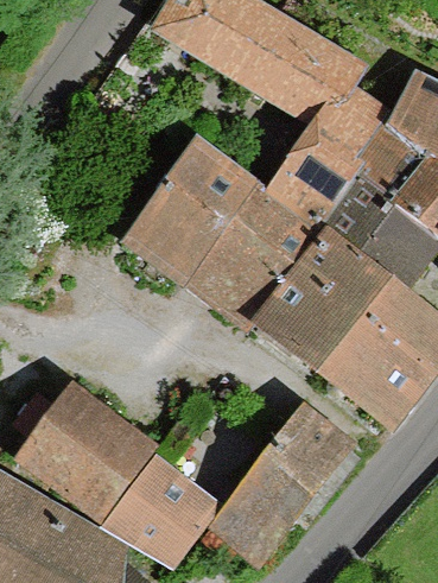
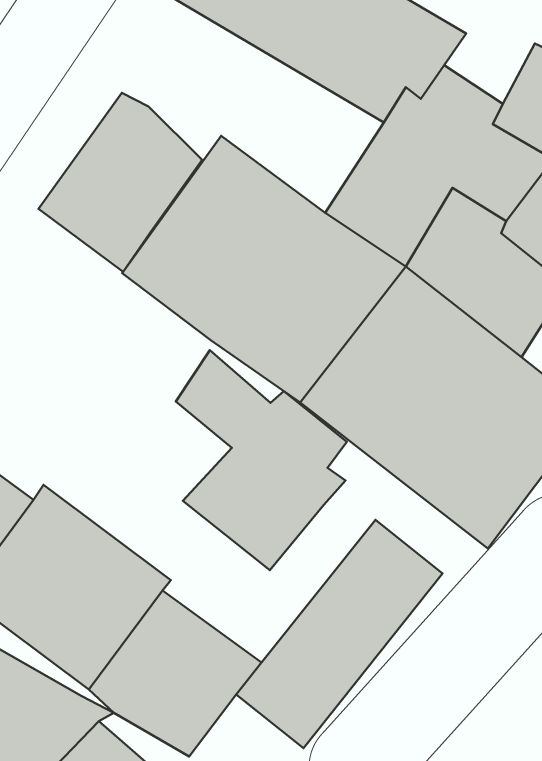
building: none -> [38,93,202,272]
building: none -> [176,350,347,570]

